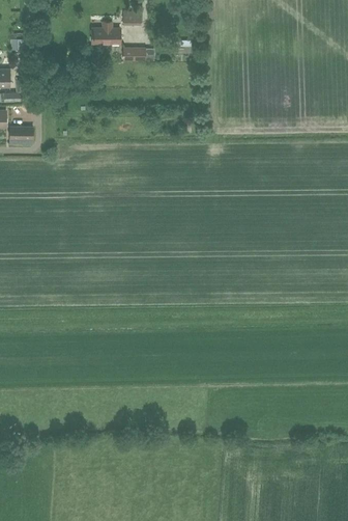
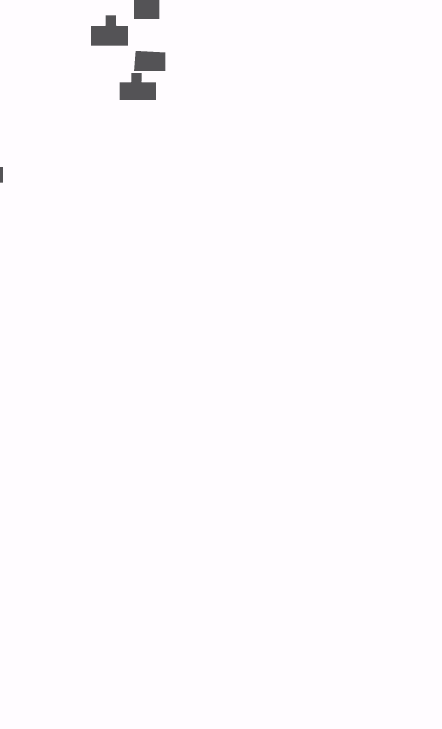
building: none -> [119,72,156,101]

